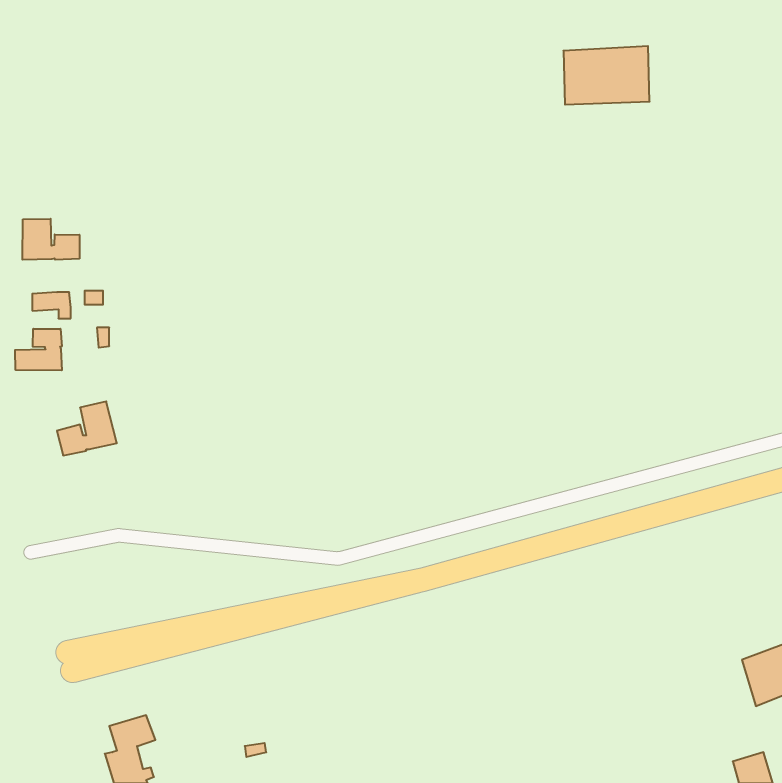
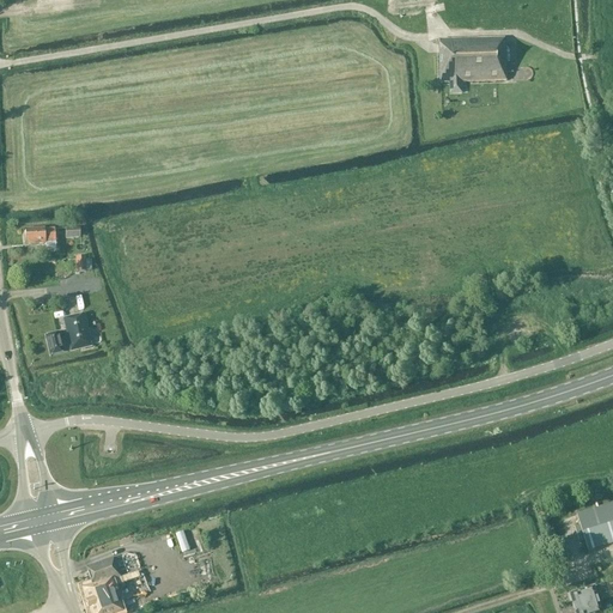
building: [22,219,79,260] -> none
building: [15,329,62,370] -> none

